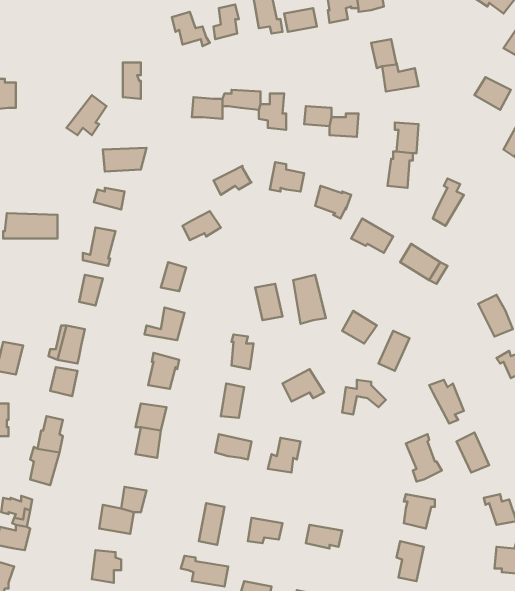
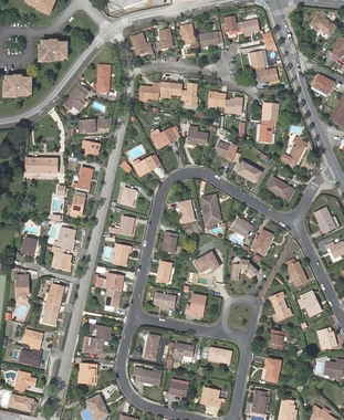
building: none -> [39,39,67,60]

